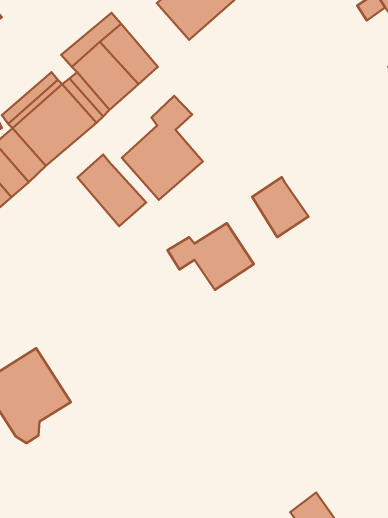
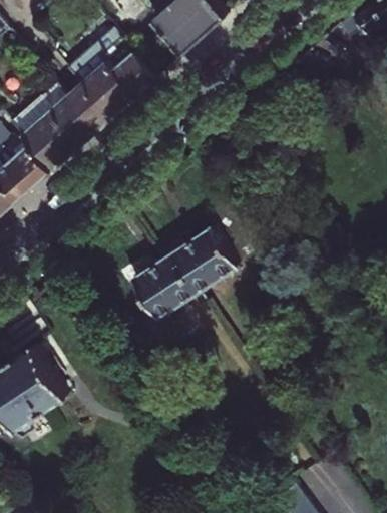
building: [122,96,203,200] -> none
building: [77,155,146,226] -> none
building: [252,177,308,237] -> none
building: none -> [132,264,202,321]

